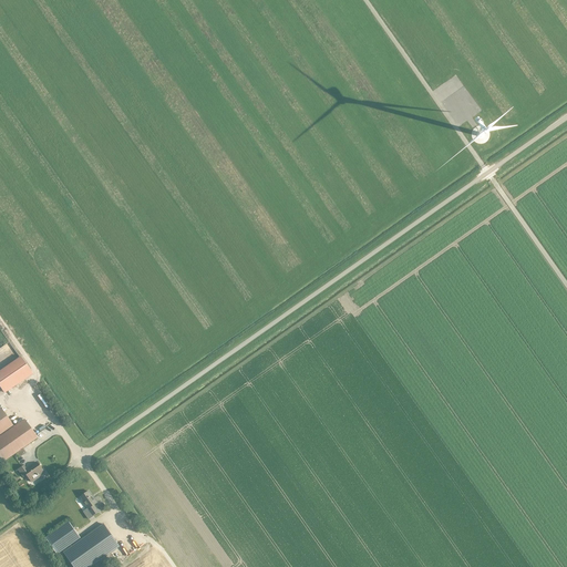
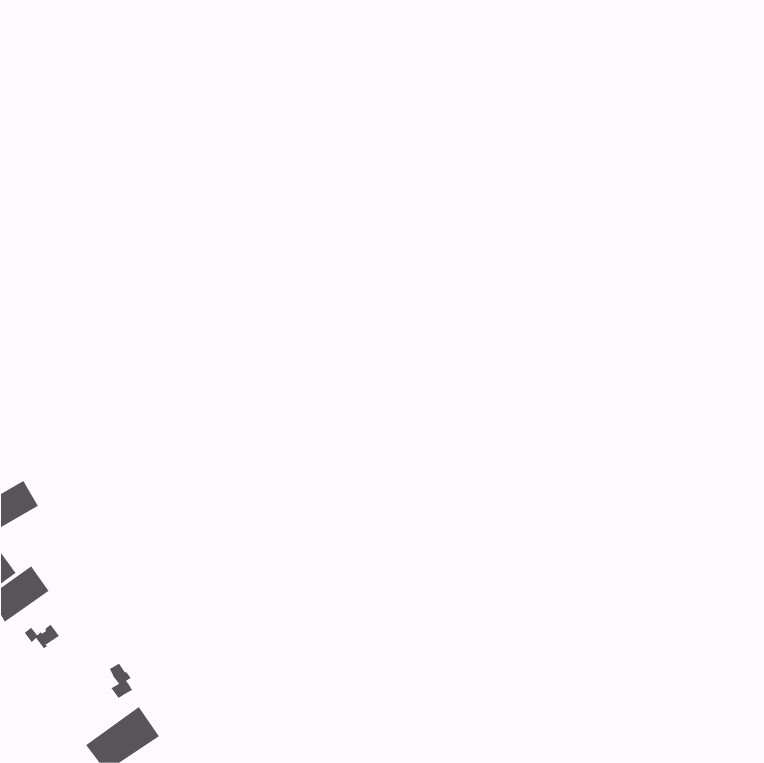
building: [45,520,80,553] -> none

